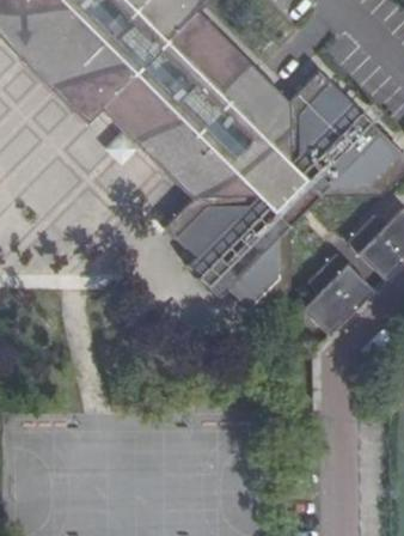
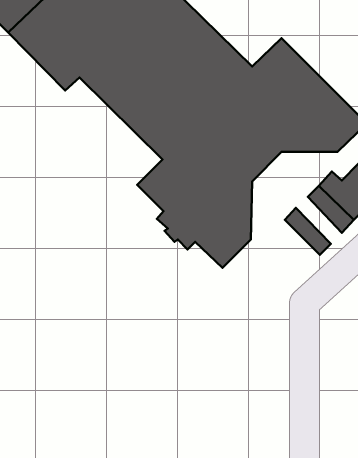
building: [300,264,361,335] -> none

